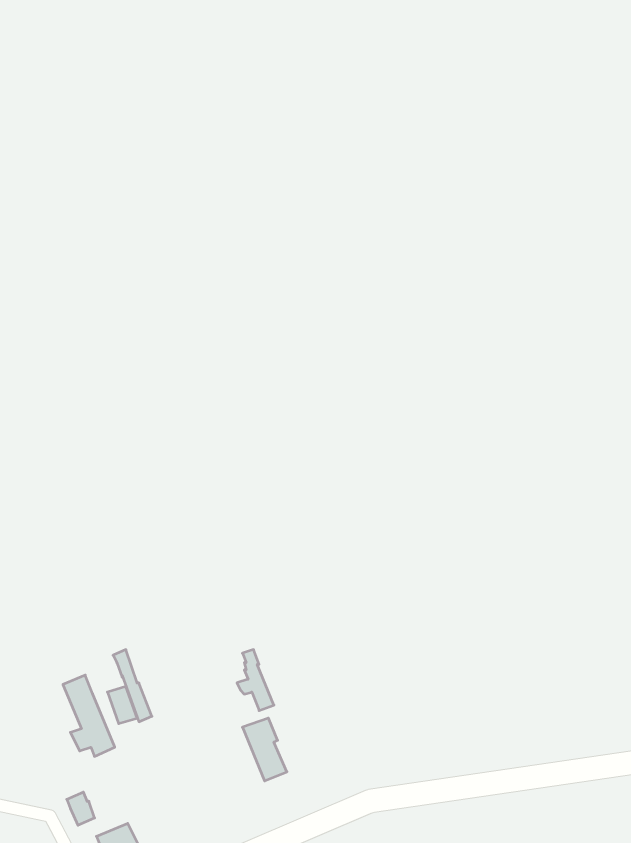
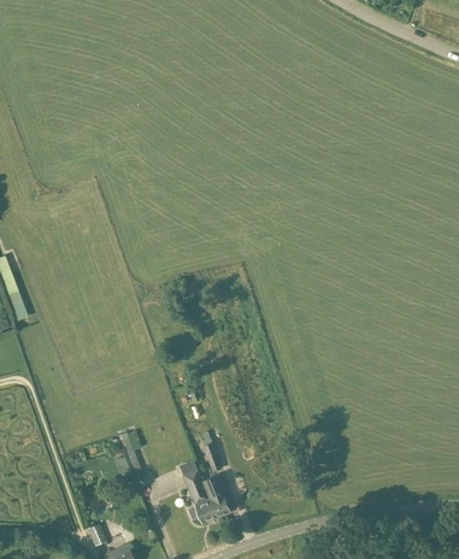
building: [63,675,115,756] -> [183,470,217,523]

